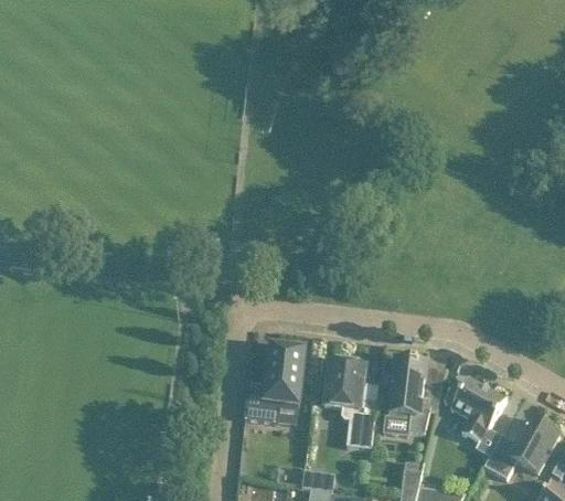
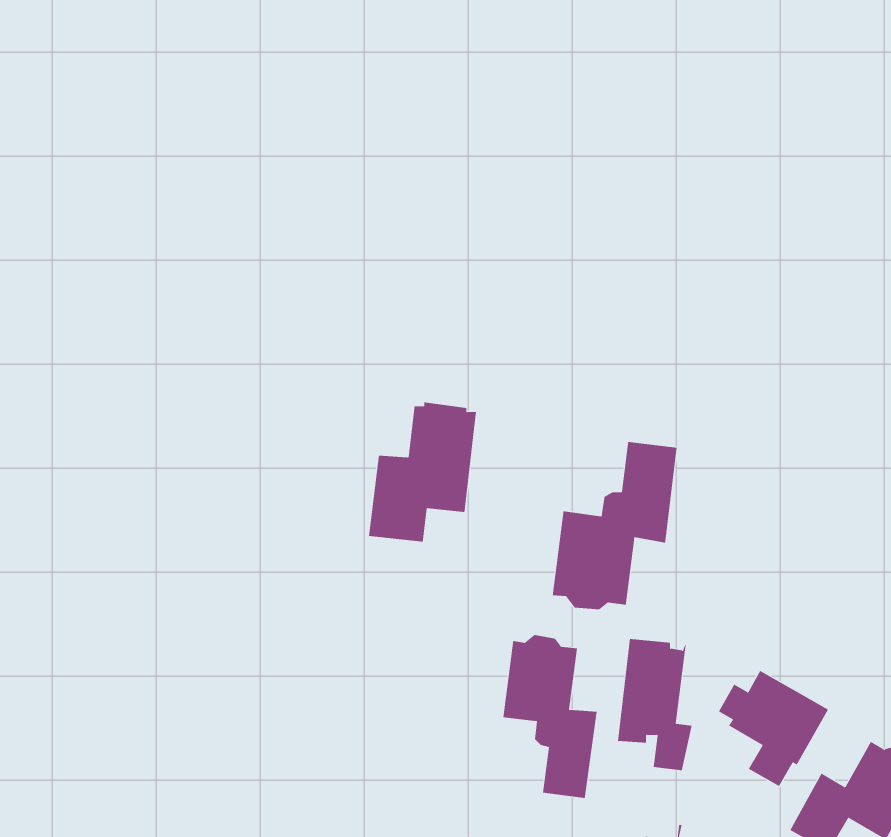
building: none -> [552,441,677,610]
building: [245,345,306,424] -> [368,402,477,542]

